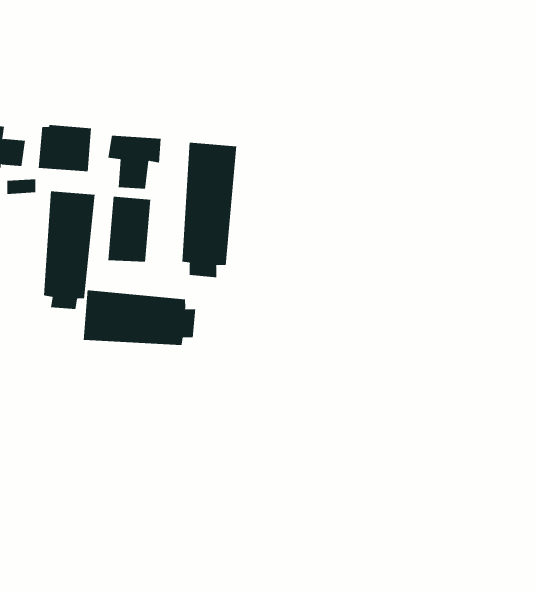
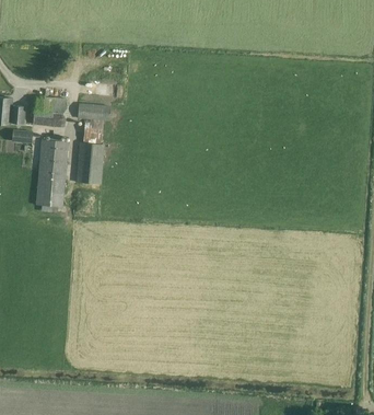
building: [182,142,237,278] -> none
building: [83,290,196,346] -> none

